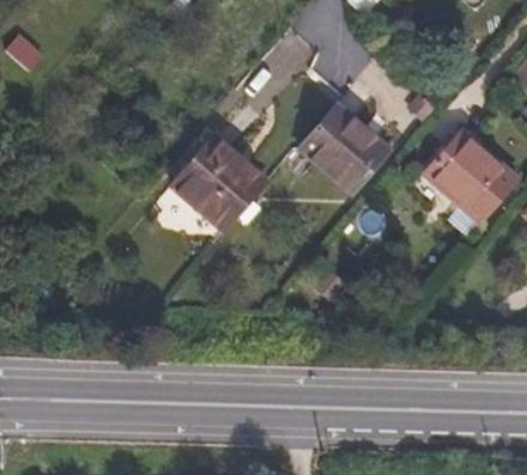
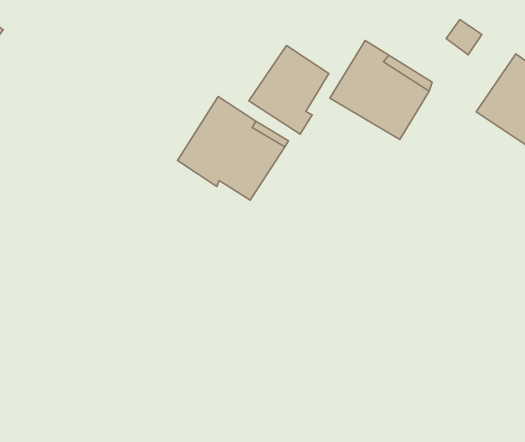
building: none -> [249,46,329,134]

